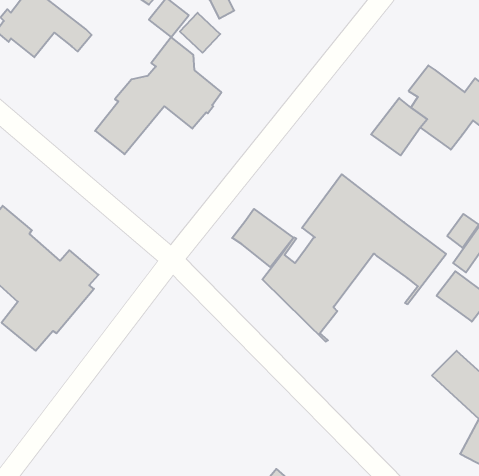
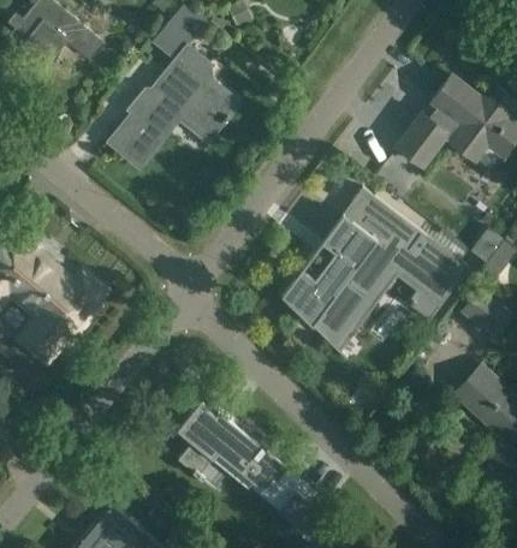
building: [180,13,220,53] -> none
building: [232,209,293,267] -> none
building: none -> [177,401,285,492]

